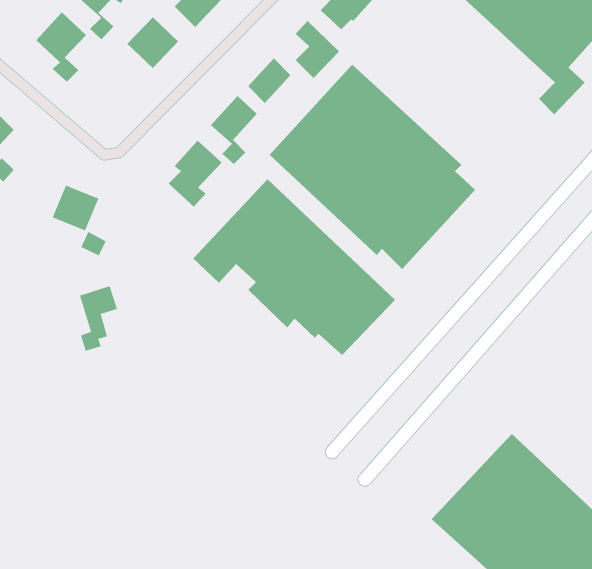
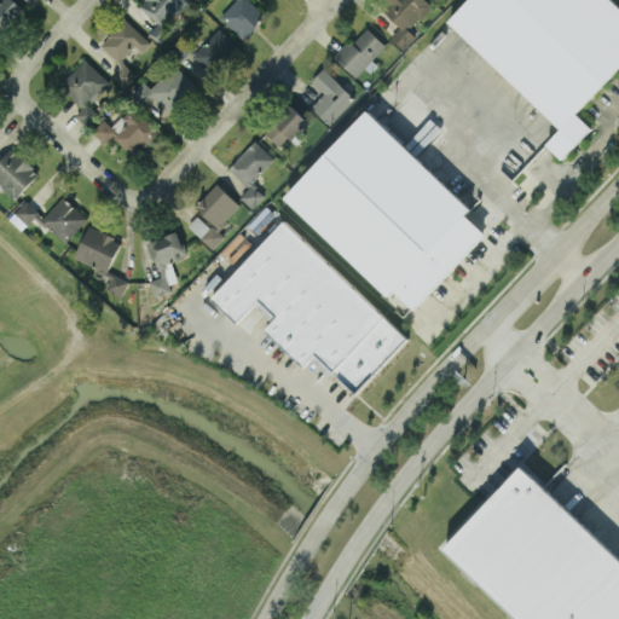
building: none -> [91,105,158,157]
building: none -> [40,196,86,242]
building: [79,285,118,352] -> [147,232,185,296]

